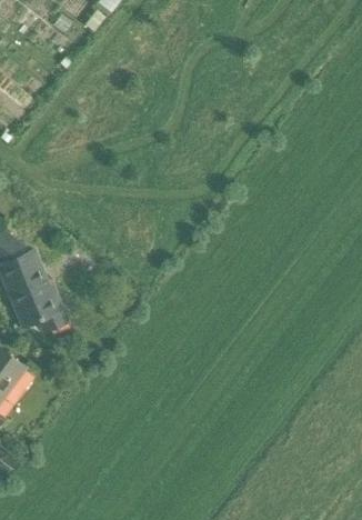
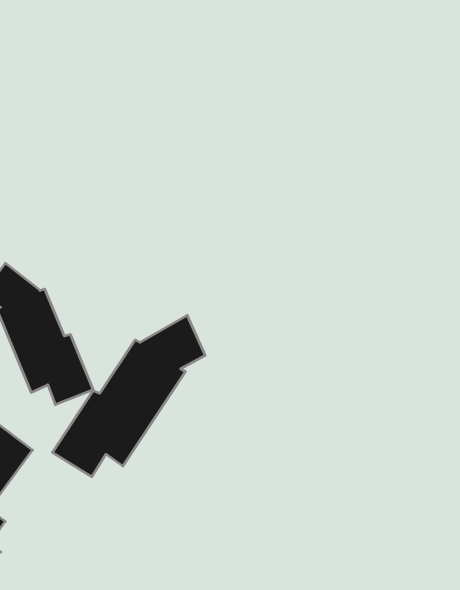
building: none -> [52,315,205,477]

